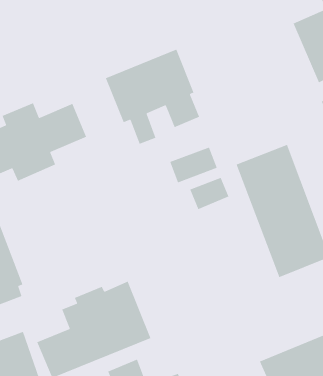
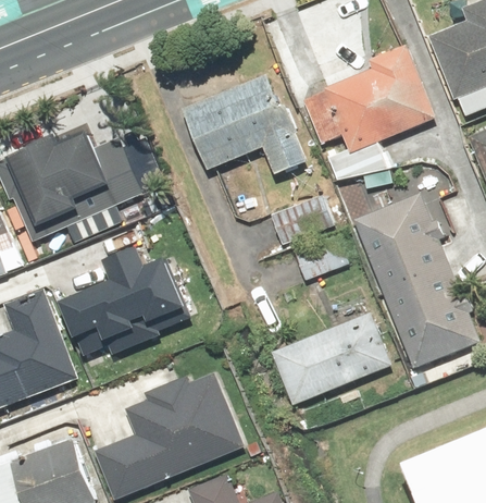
building: none -> [298,41,435,180]
building: none -> [67,252,189,357]
building: none -> [273,311,391,404]

